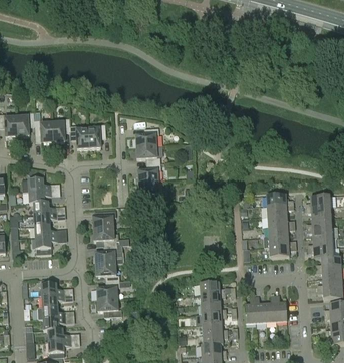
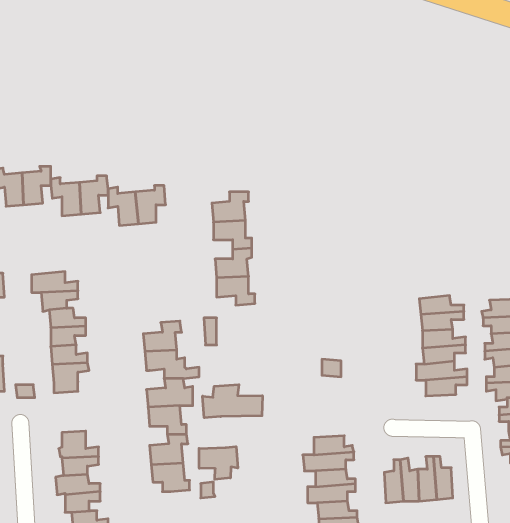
building: none -> [203,385,262,418]
building: none -> [199,447,238,479]

